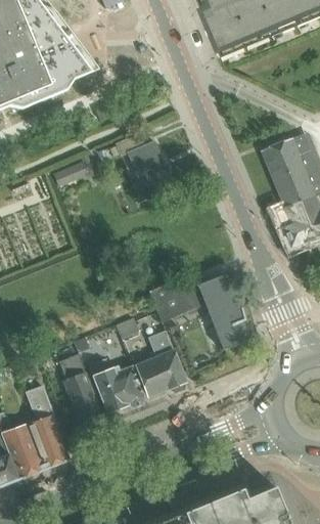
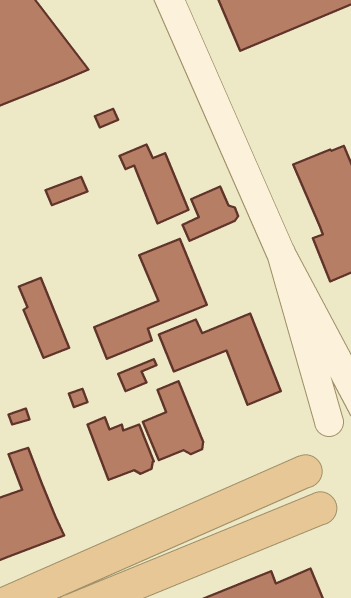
building: none -> [182,187,238,241]
building: none -> [94,239,207,359]
building: [60,356,102,423] -> [19,278,69,358]

